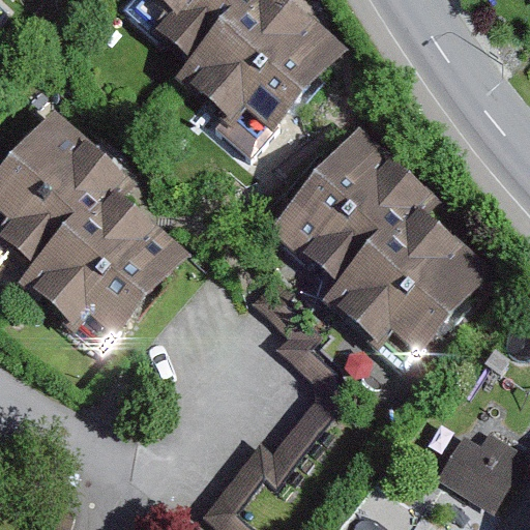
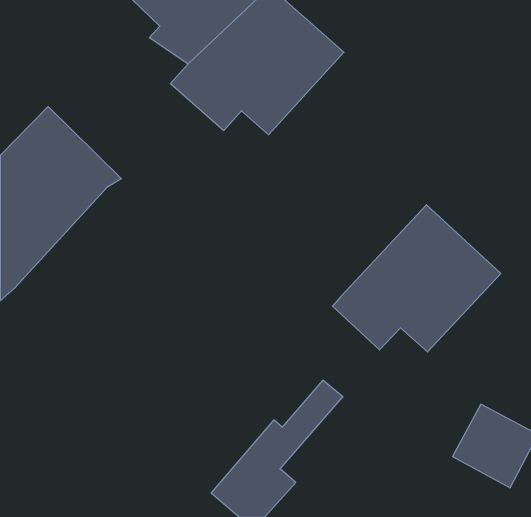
building: [273,139,430,296] -> none
building: [18,185,187,341] -> none

